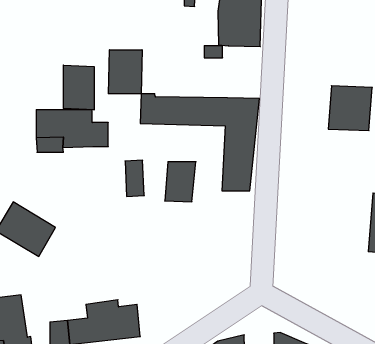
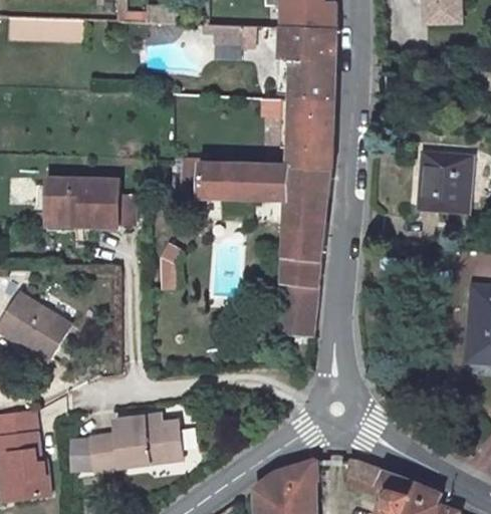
building: none -> [290,98,331,165]
building: [108,50,142,94] -> none
building: [63,65,94,110] -> none
building: [165,162,196,202] -> [279,280,318,330]

